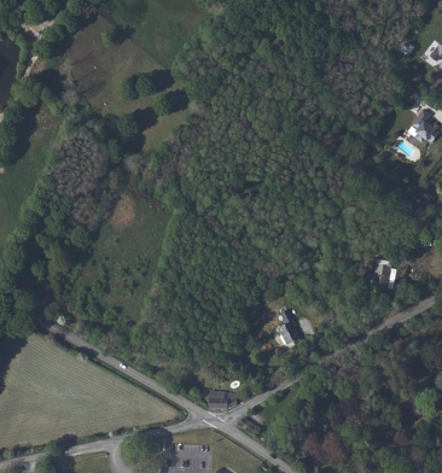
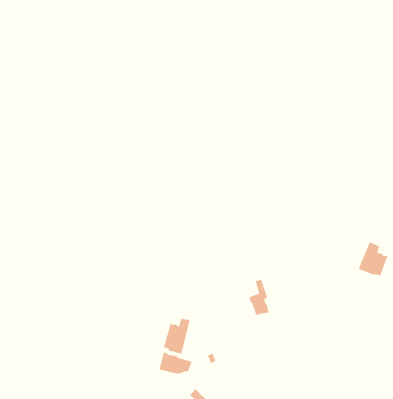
building: none -> [163,318,191,354]

